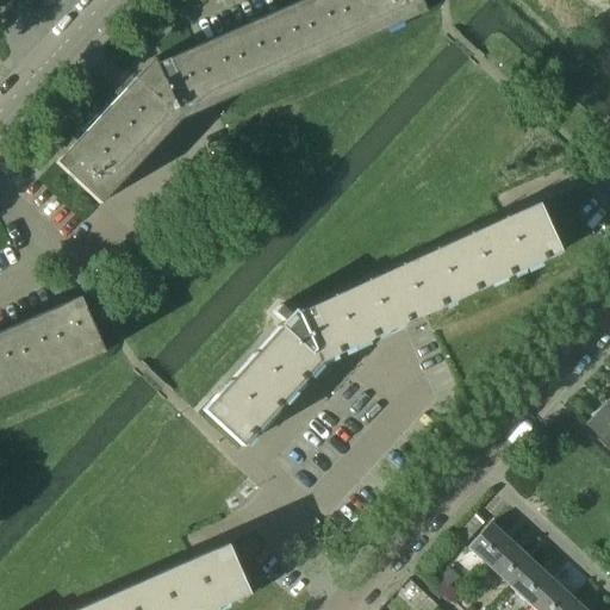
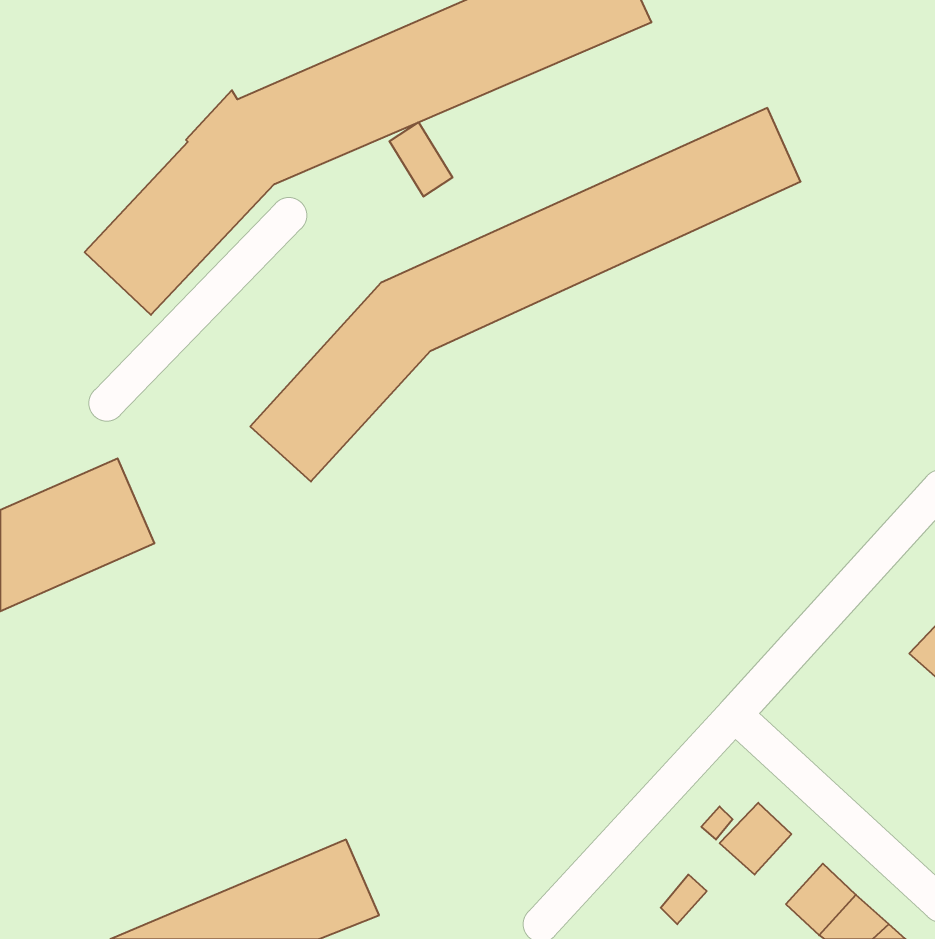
building: none -> [389,122,452,197]
building: [204,205,560,447] -> [250,108,801,482]
building: [492,540,536,585] -> none

